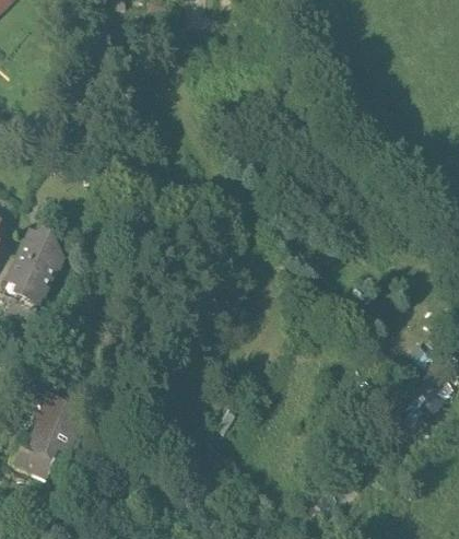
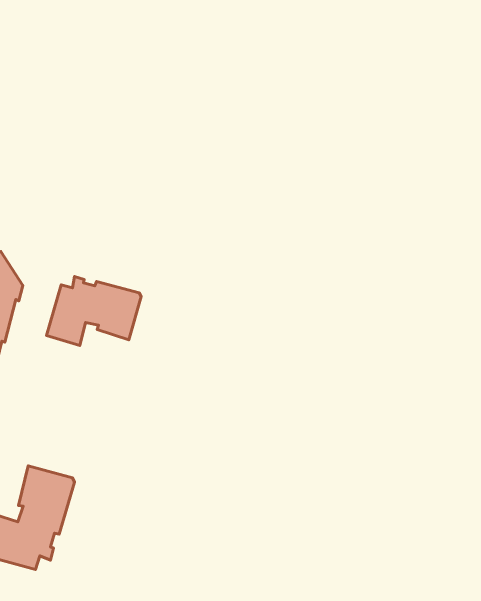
building: none -> [47,276,141,346]

